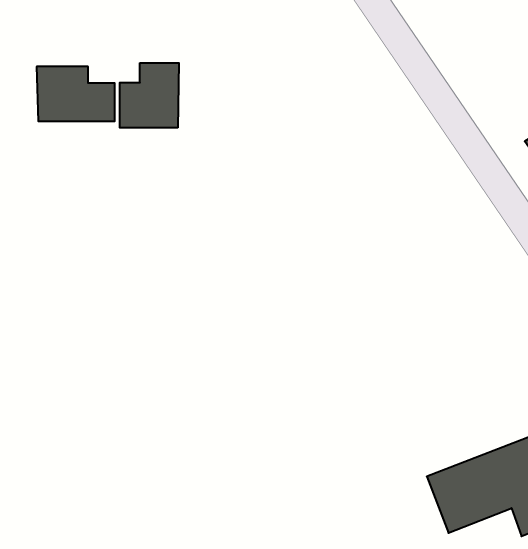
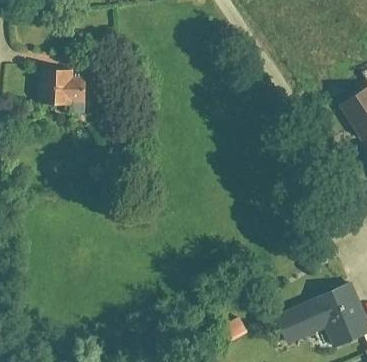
building: [120,63,179,128] -> none

